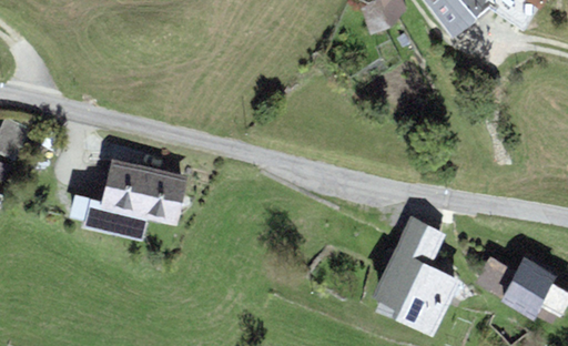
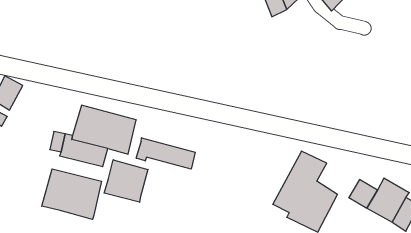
building: none -> [136,138,195,169]
building: none -> [104,160,148,202]
building: none -> [42,169,102,219]

